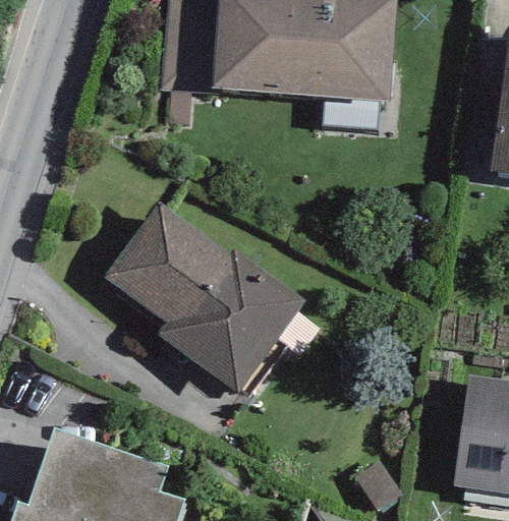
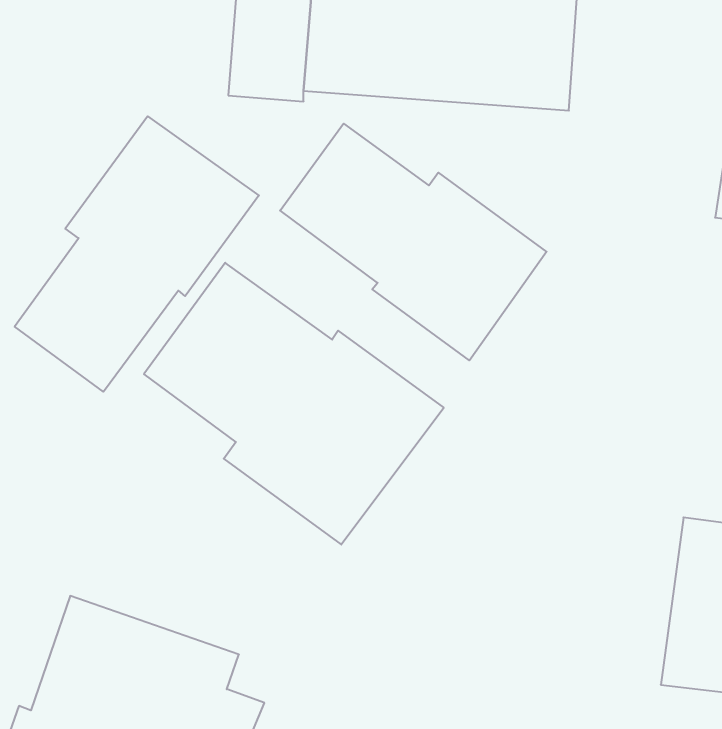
building: none -> [15,116,259,392]
building: none -> [280,124,547,360]

